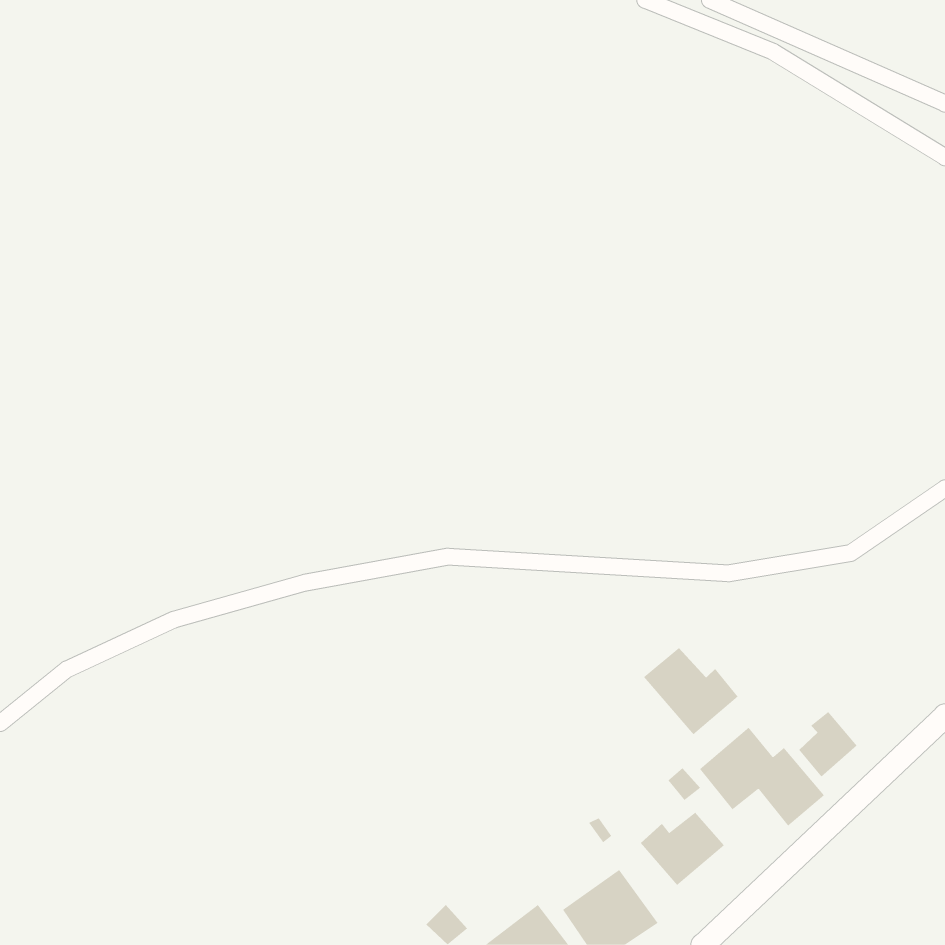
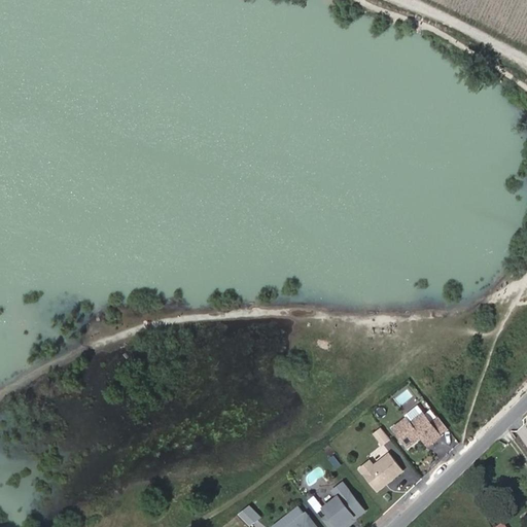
building: [643,647,739,735] -> none
building: [799,711,858,777] -> none

